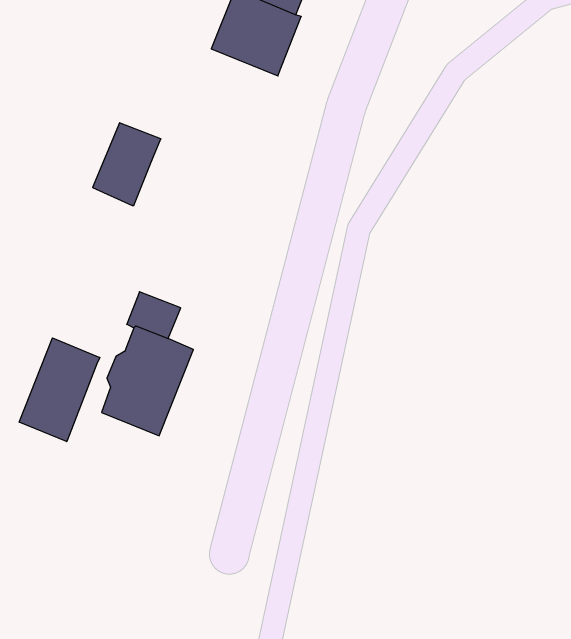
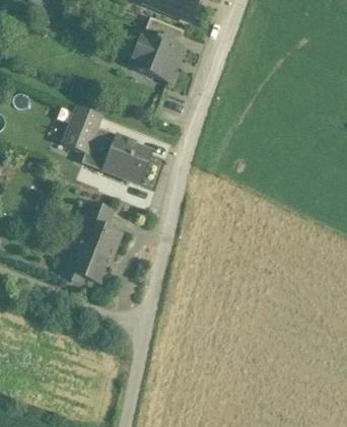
building: none -> [84,128,152,183]
building: [19,338,100,442] -> none

